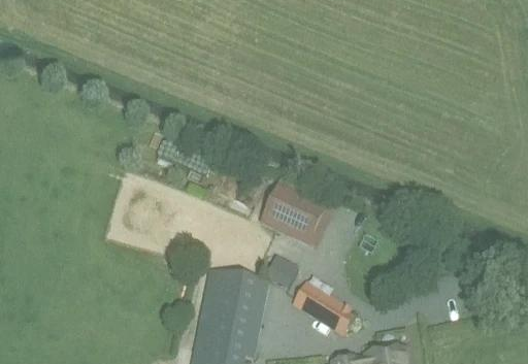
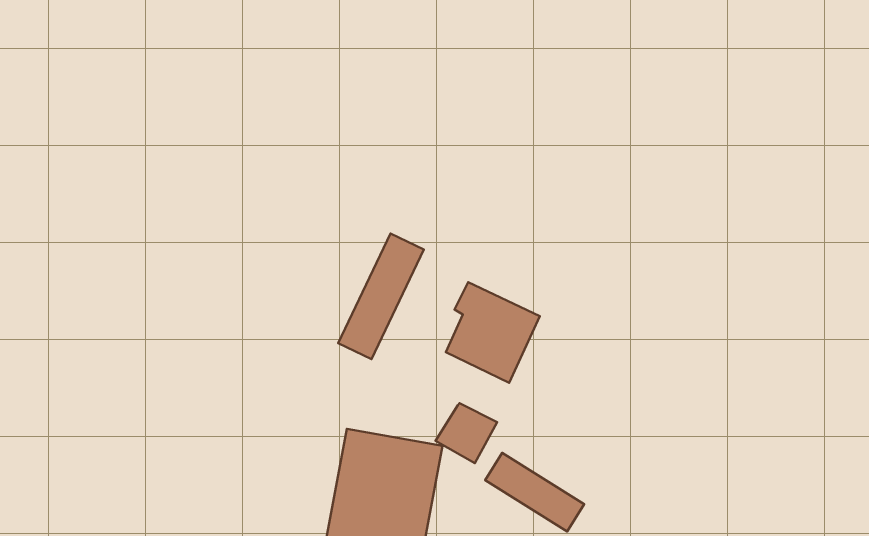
building: none -> [338,233,424,359]

